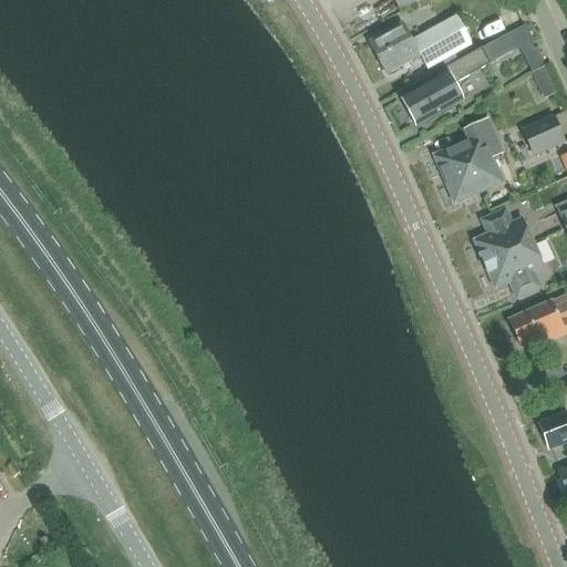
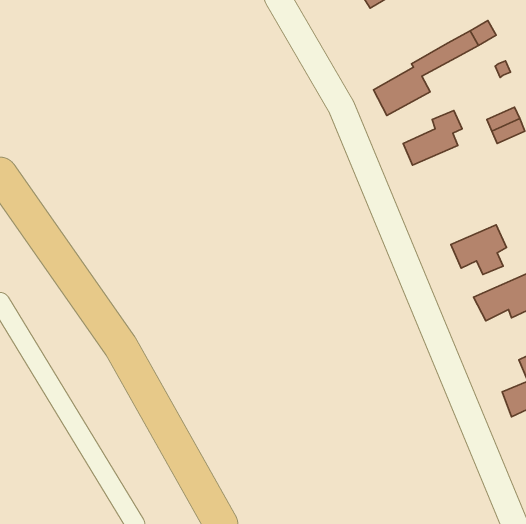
building: [369,12,473,72] -> none
building: [444,156,504,203] -> none
building: [475,209,534,262] -> none

